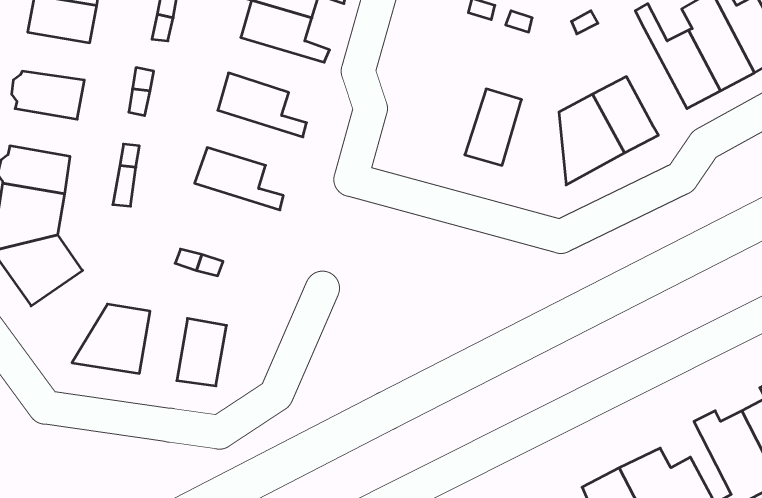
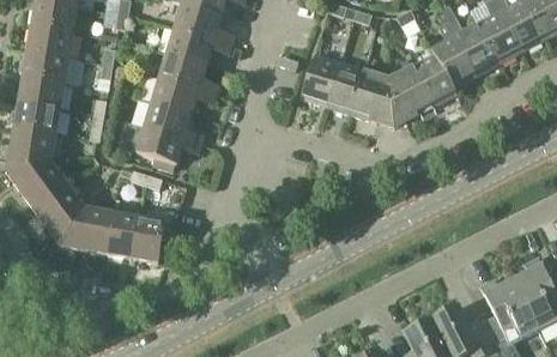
building: none -> [431,20,476,86]
building: none -> [28,23,73,55]
building: none -> [167,26,231,63]
building: none -> [301,53,340,105]
building: none -> [351,68,394,126]
building: none -> [19,74,65,107]
building: none -> [152,75,217,113]
building: none -> [137,125,201,169]
building: none -> [34,183,85,246]
building: none -> [107,211,139,258]

